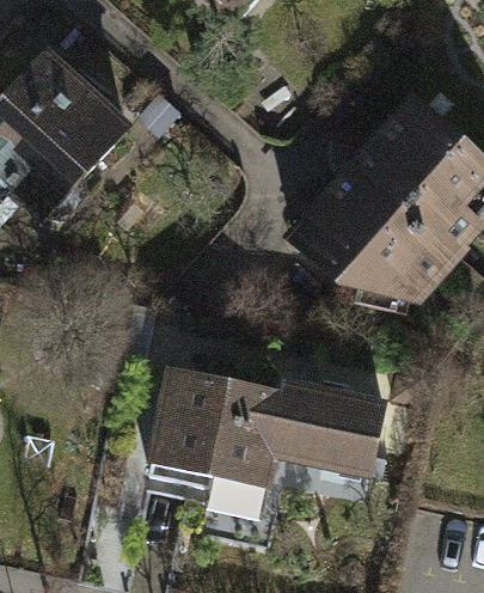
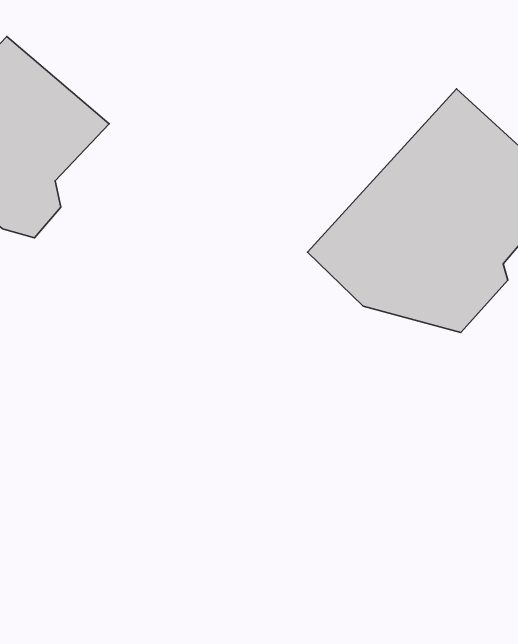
building: [153,369,388,484] -> none

